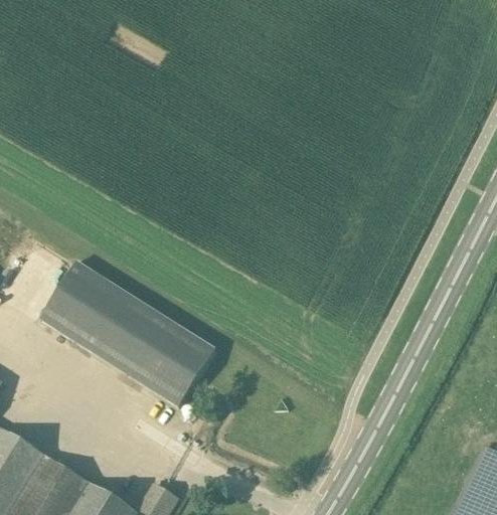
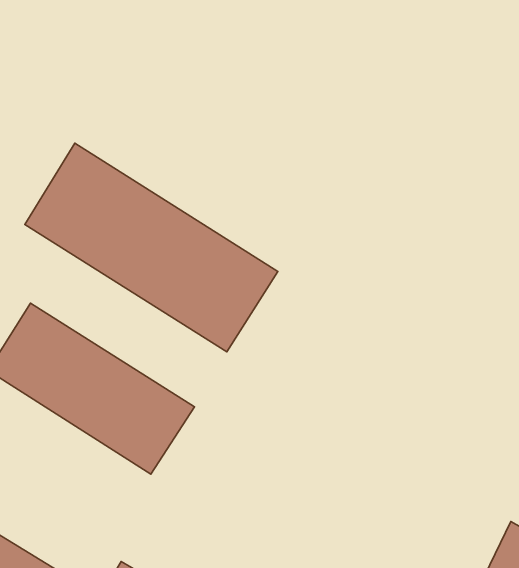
building: none -> [25,143,278,352]

